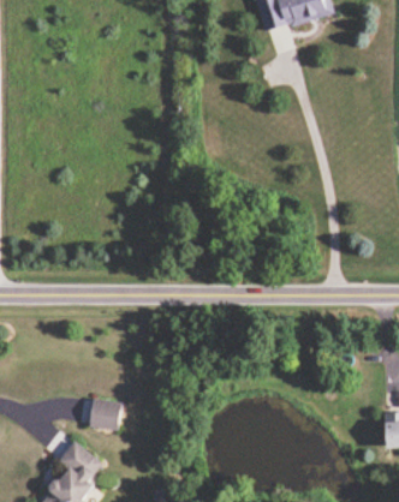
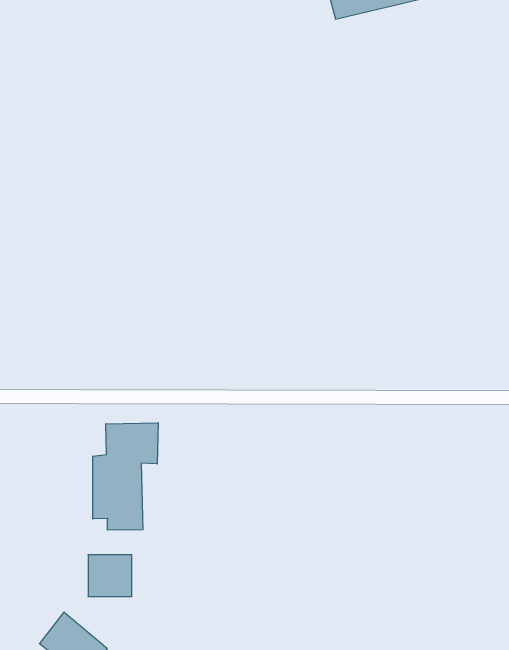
building: none -> [93,423,158,530]

